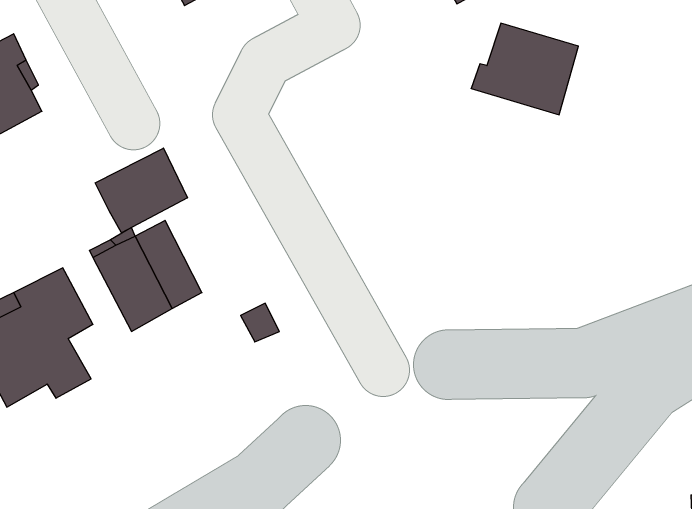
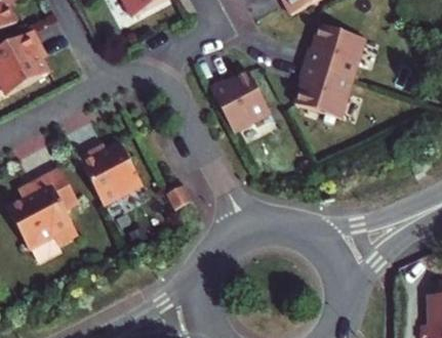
building: none -> [294,61,352,116]
building: none -> [210,73,272,133]
building: [95,148,187,233] -> none

